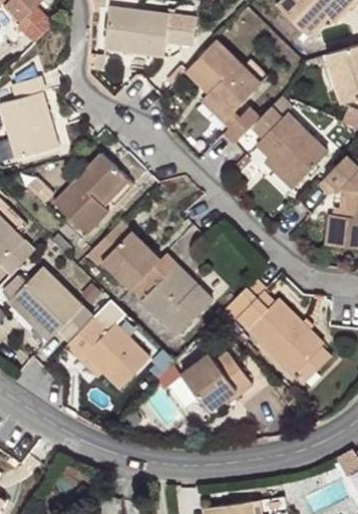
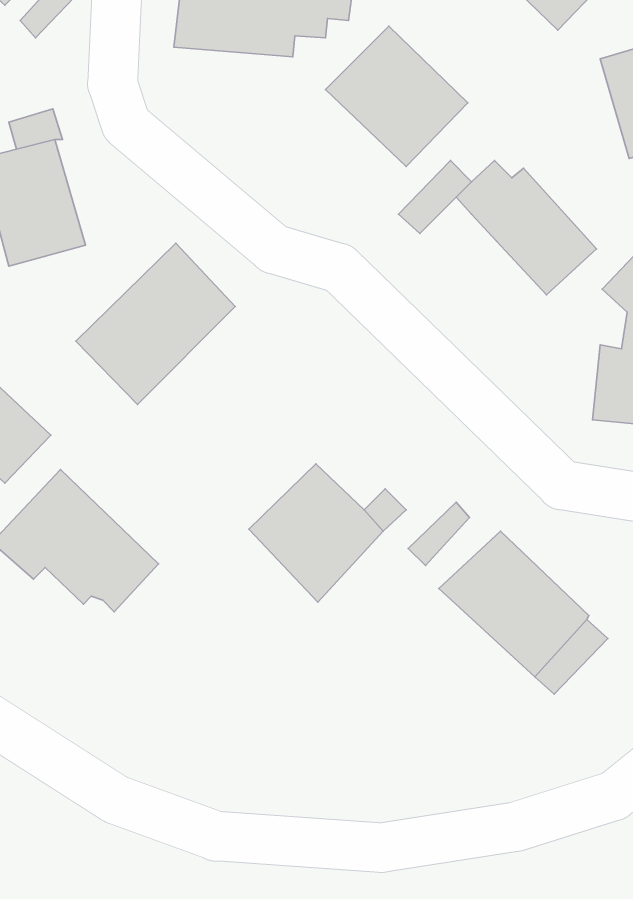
building: [93,217,168,290] -> none
building: [67,318,151,393] -> none
building: [178,353,251,415] -> none

